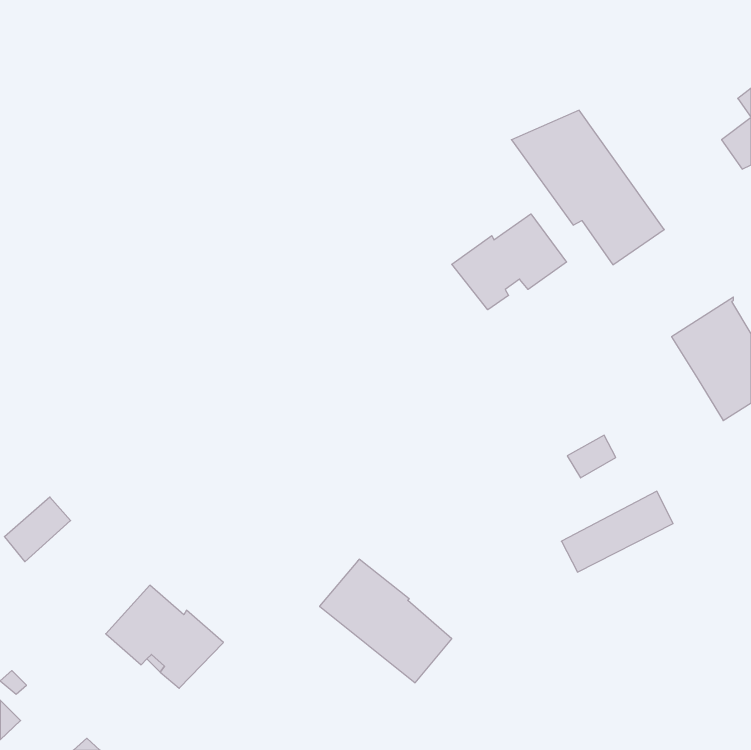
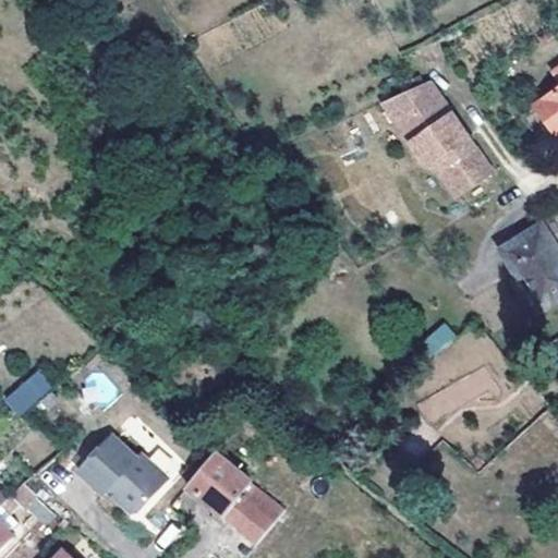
building: [452,214,567,310] -> none
building: [320,559,452,683] -> [187,450,286,542]

